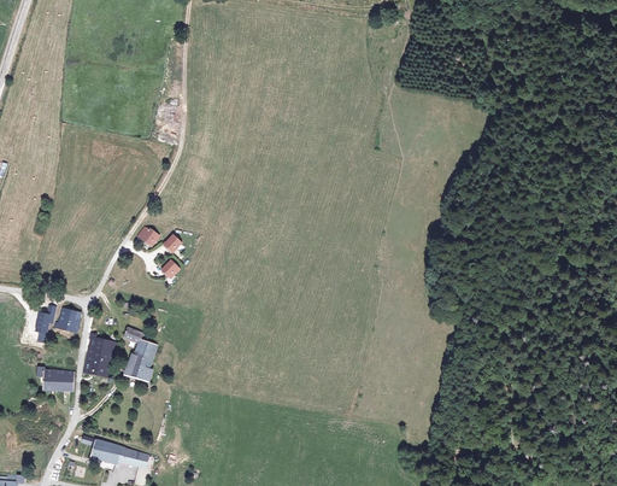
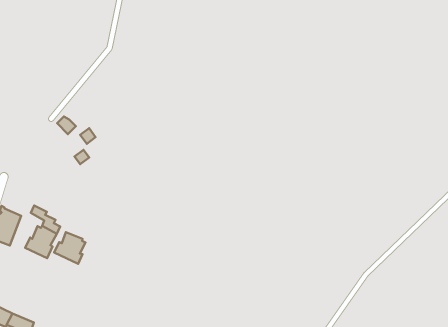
building: none -> [54,232,86,264]

